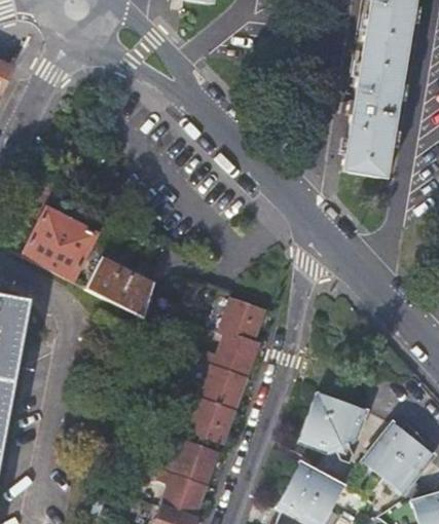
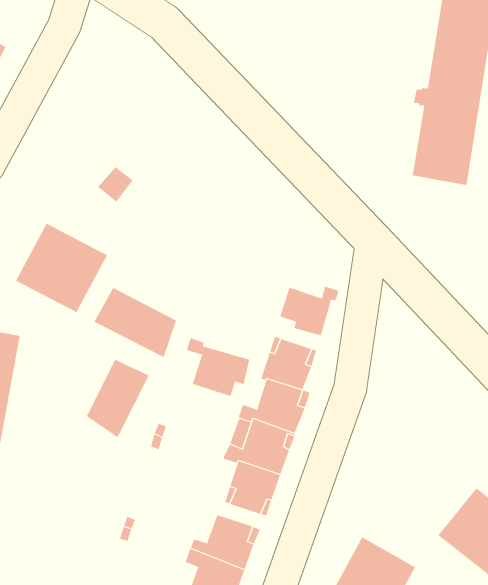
building: none -> [279,286,339,336]
building: none -> [186,338,250,397]
building: none -> [86,359,149,438]
building: [299,391,368,451] -> none

